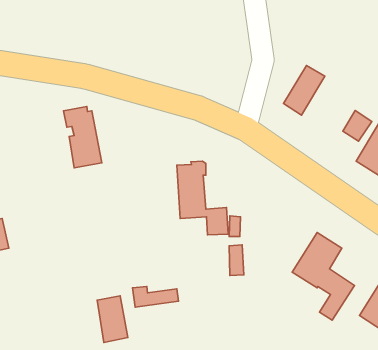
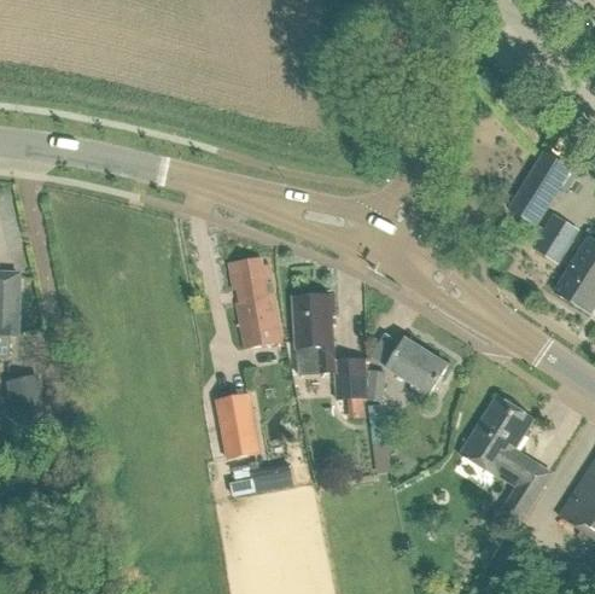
building: [283,65,325,115] -> [508,151,568,223]
building: [64,107,102,168] -> [227,257,282,346]
building: none -> [387,337,448,392]
building: [97,296,128,342] -> [218,392,263,460]

